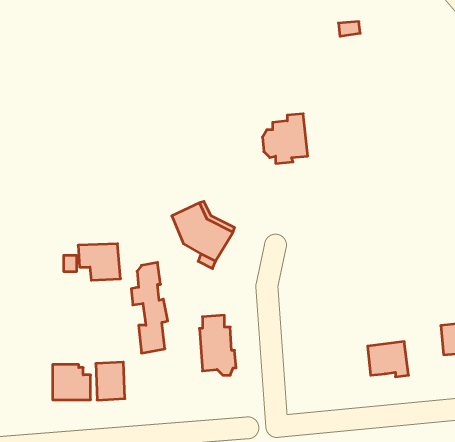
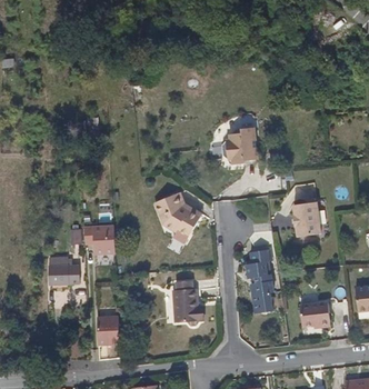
building: none -> [292,200,320,237]
building: [131,262,168,353] -> [247,243,275,312]
building: [53,365,91,400] -> [46,259,74,286]

